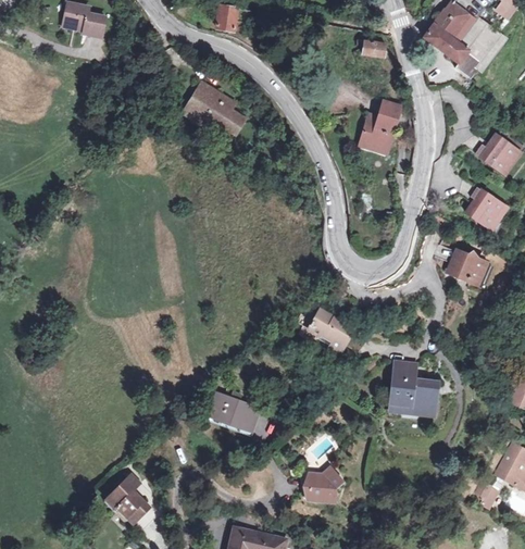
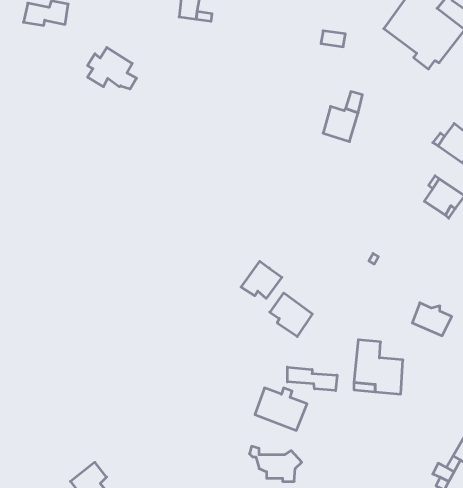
building: [186,86,236,128] -> [88,47,137,89]
building: [450,254,490,288] -> [412,303,452,336]
building: none -> [241,261,282,298]
building: none -> [287,367,337,391]
building: [209,389,262,433] -> [255,388,307,430]

